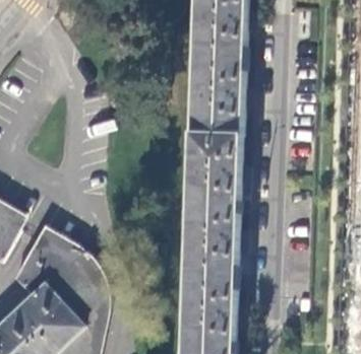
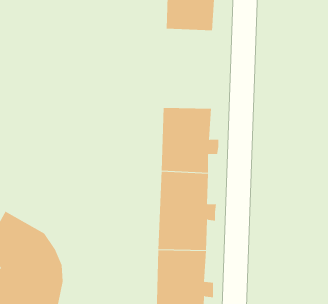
building: [188,61,246,140] -> none

